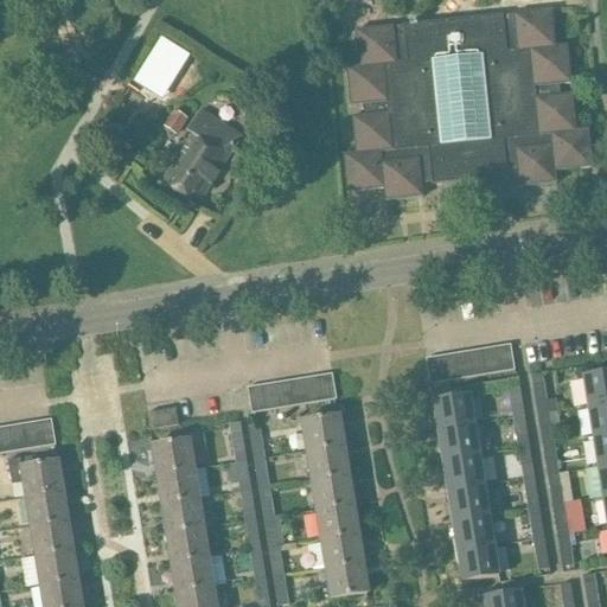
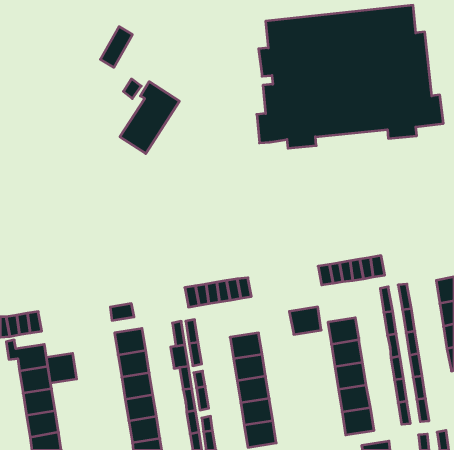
building: [432,394,474,430] -> [289,307,321,334]
building: [302,414,345,451] -> none
building: none -> [47,353,77,383]

